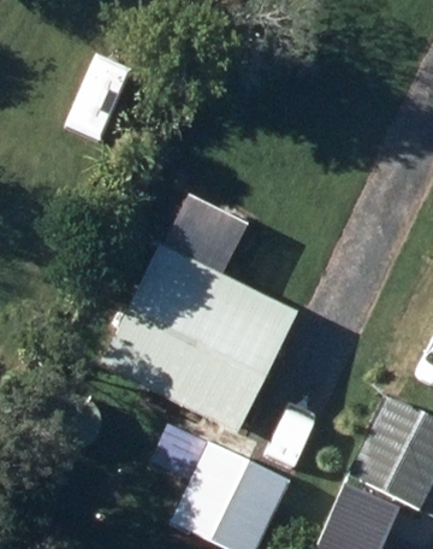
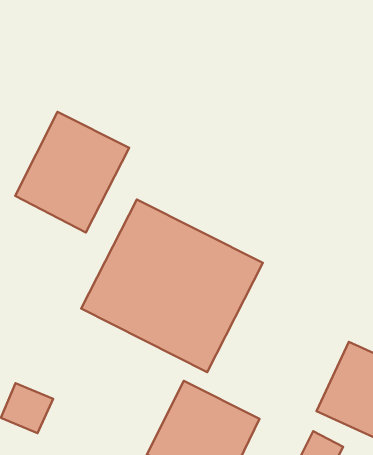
building: none -> [15,112,129,233]

